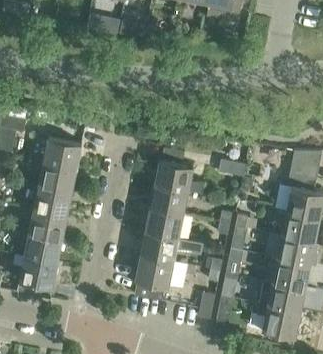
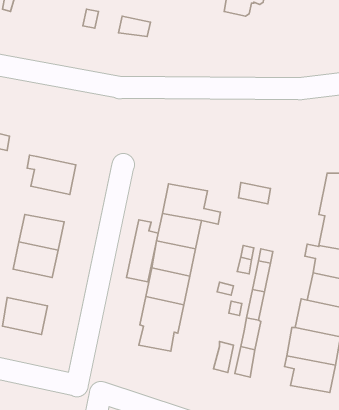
building: [38,163,76,193] -> none
building: none -> [127,220,158,282]
building: [23,233,61,264] -> none

